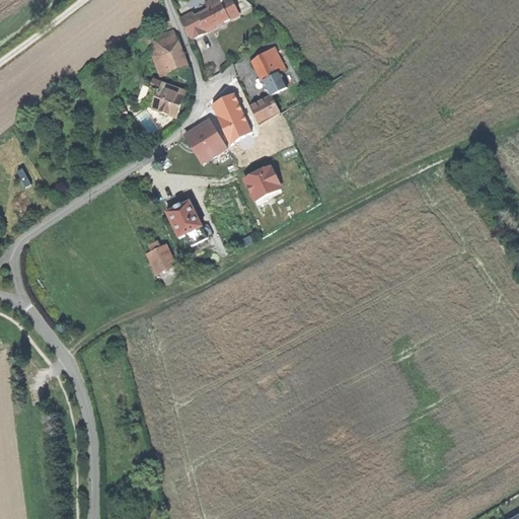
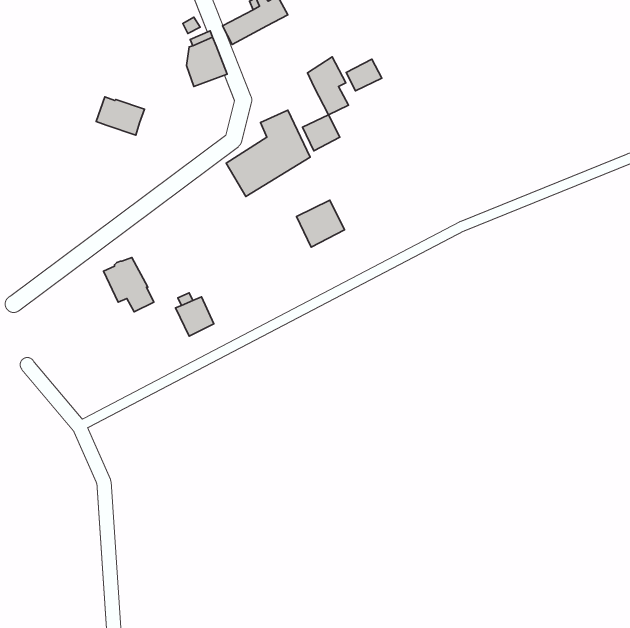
building: none -> [346,59,382,91]
building: [144,81,183,113] -> [96,97,144,135]
building: [165,200,207,244] -> [103,258,154,312]

